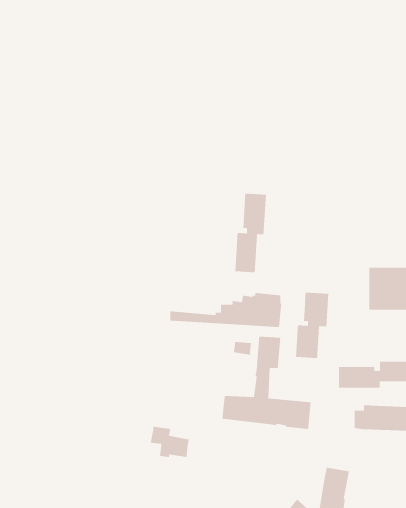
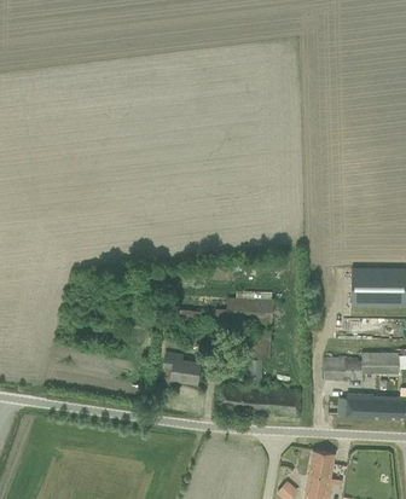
building: [235,193,267,273] -> none
building: [295,292,329,359] -> none
building: [150,426,190,458] -> [163,353,199,382]

